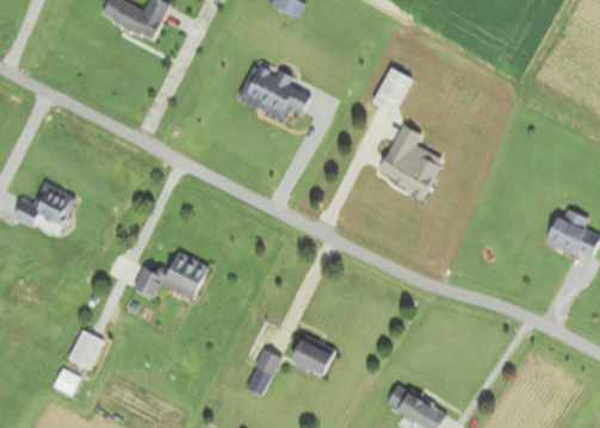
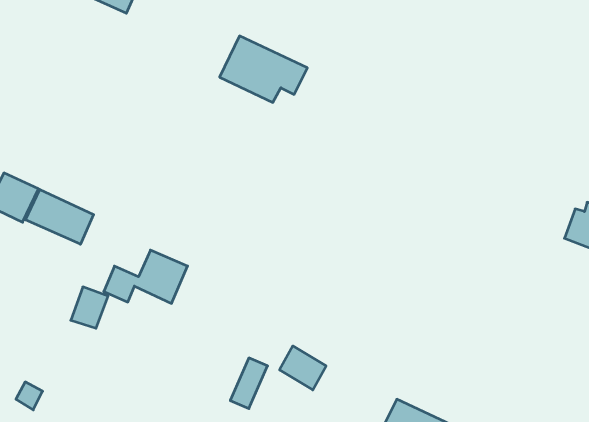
building: [373,67,412,112] -> none
building: [376,123,444,197] -> none
building: none -> [26,189,94,244]
building: [69,330,103,367] -> [71,287,108,328]

